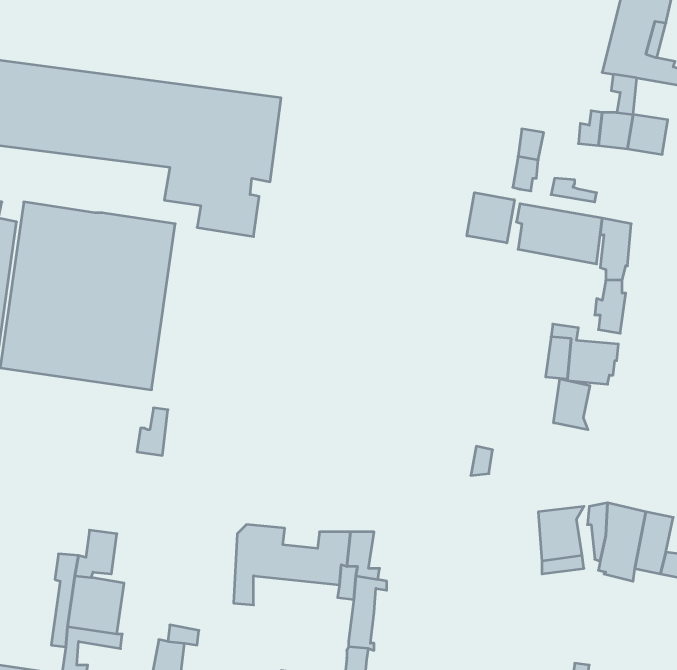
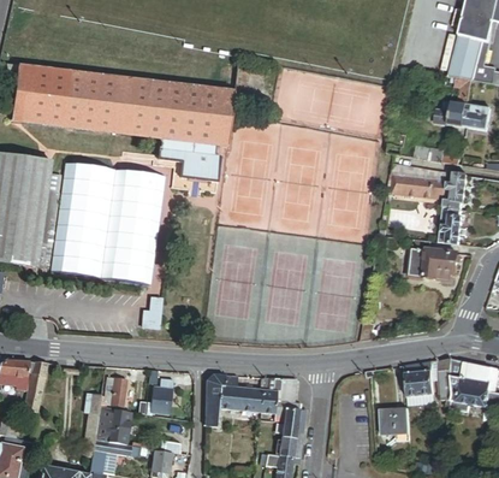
building: [467,193,514,243] -> none
building: [554,379,590,430] -> none
building: none -> [147,379,173,413]
building: none -> [380,408,410,435]

